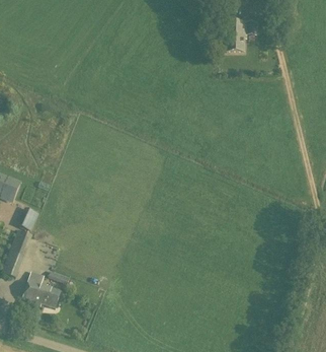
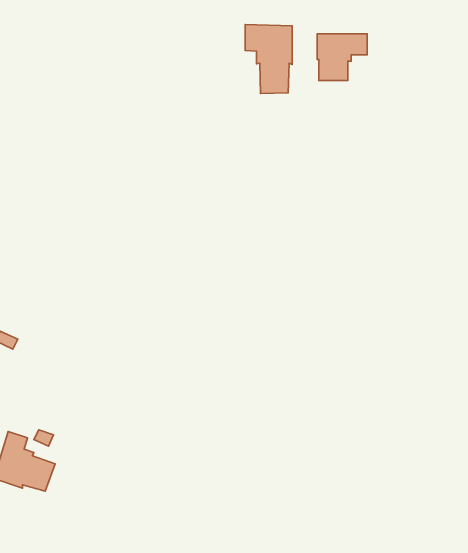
building: none -> [245,25,292,93]

